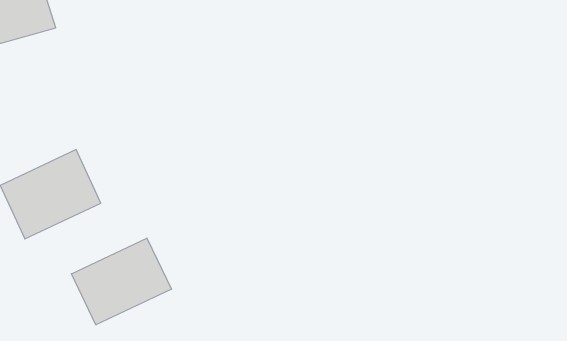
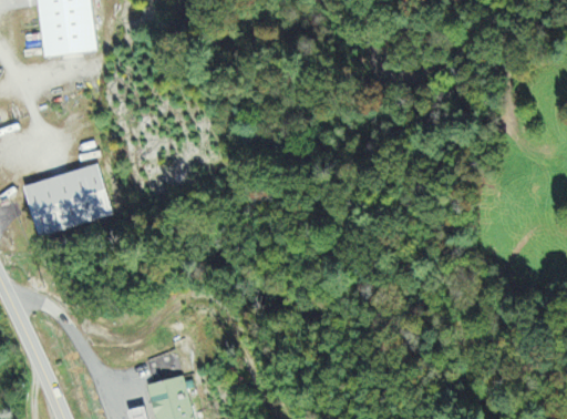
building: [71,238,171,325] -> none

